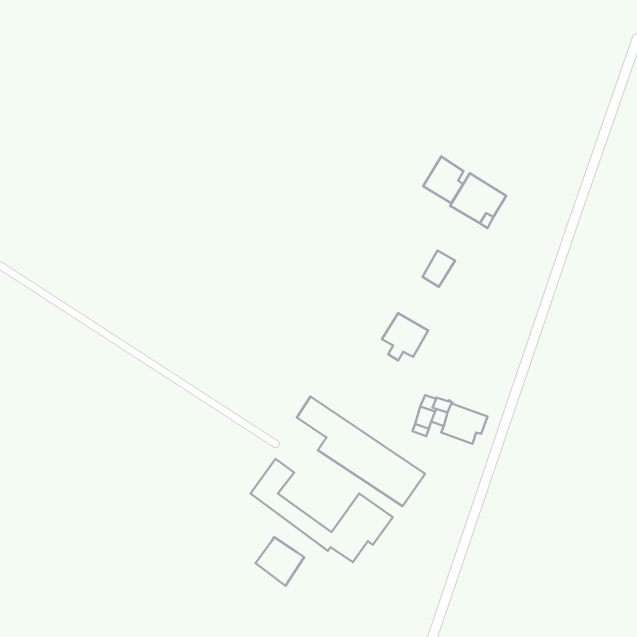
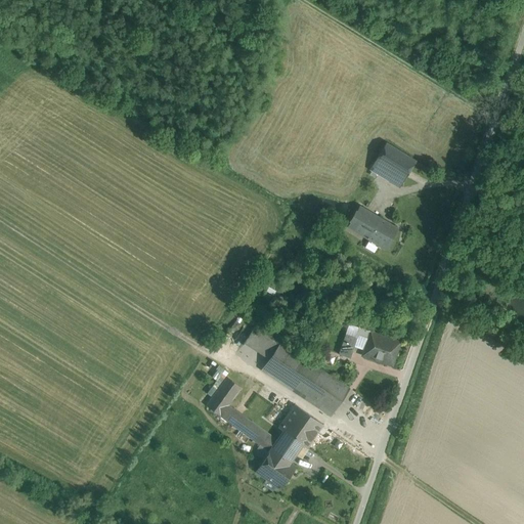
building: [423,157,464,203] -> none
building: [382,313,428,360] -> [360,214,398,253]
building: [256,537,304,586] -> [256,449,296,489]

